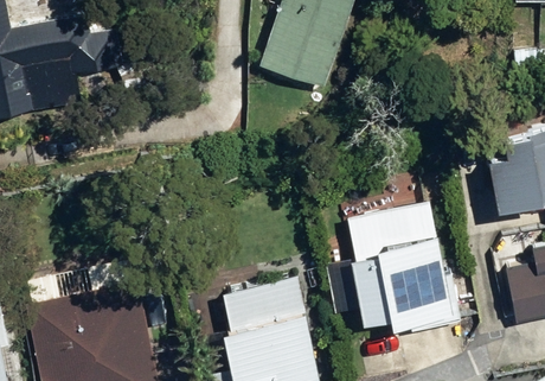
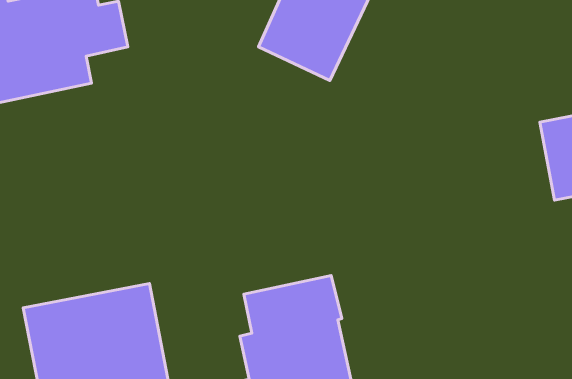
building: [344,201,459,331] -> none

